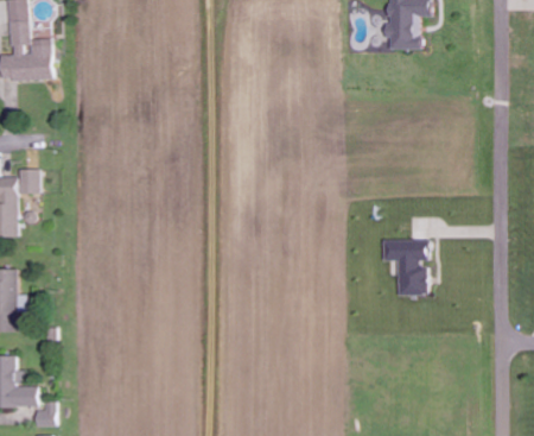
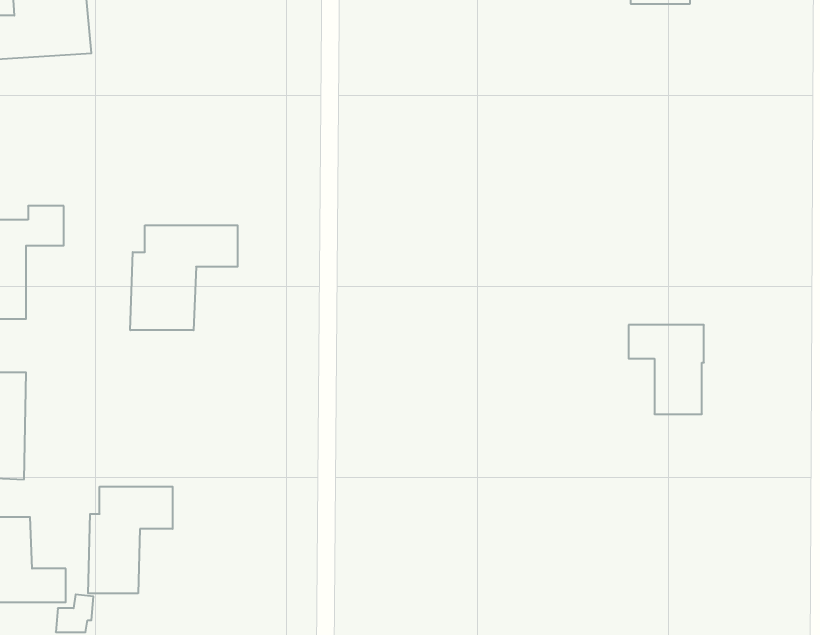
building: none -> [130,225,238,330]
building: none -> [88,487,173,593]

